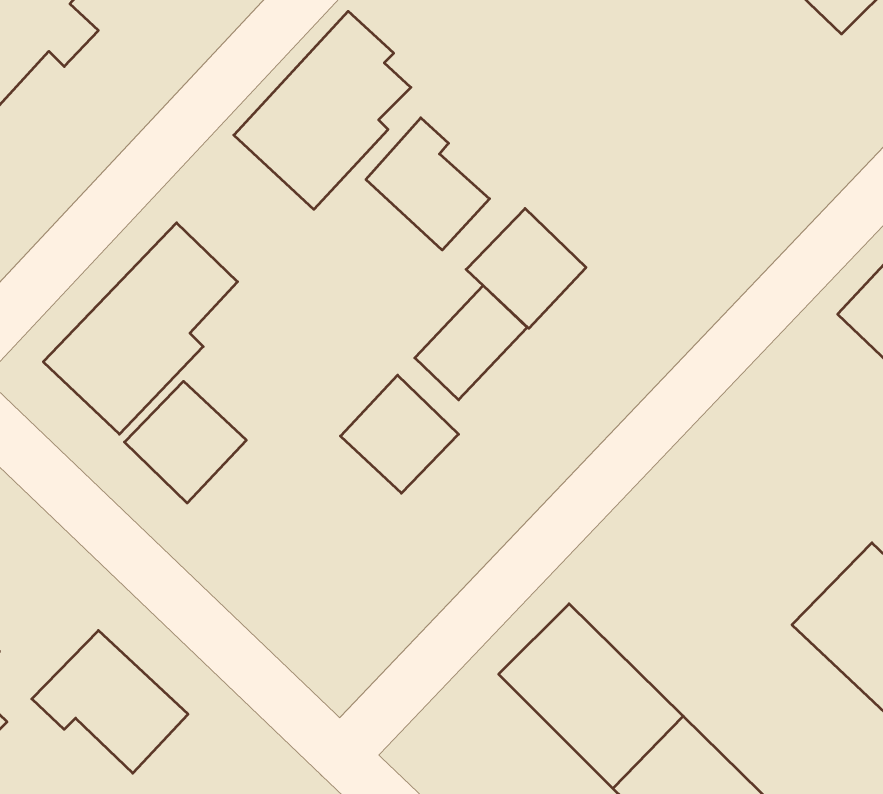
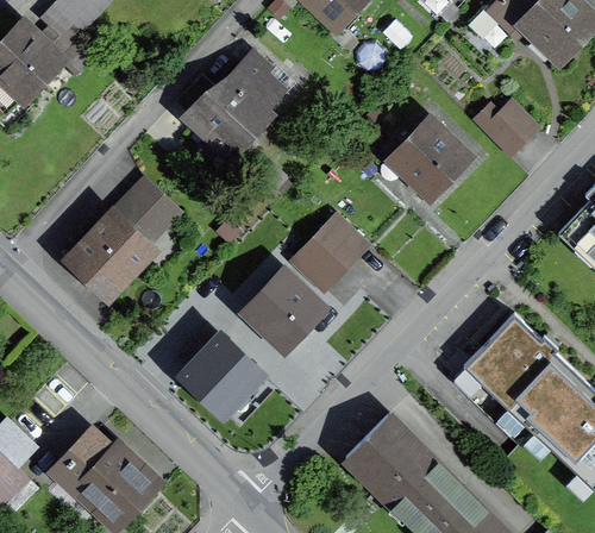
building: none -> [476,101,536,152]
building: [366,118,490,250] -> none
building: [466,208,586,328] -> [392,118,466,193]
building: [124,381,246,503] -> [183,334,259,410]
building: none -> [464,313,578,426]

